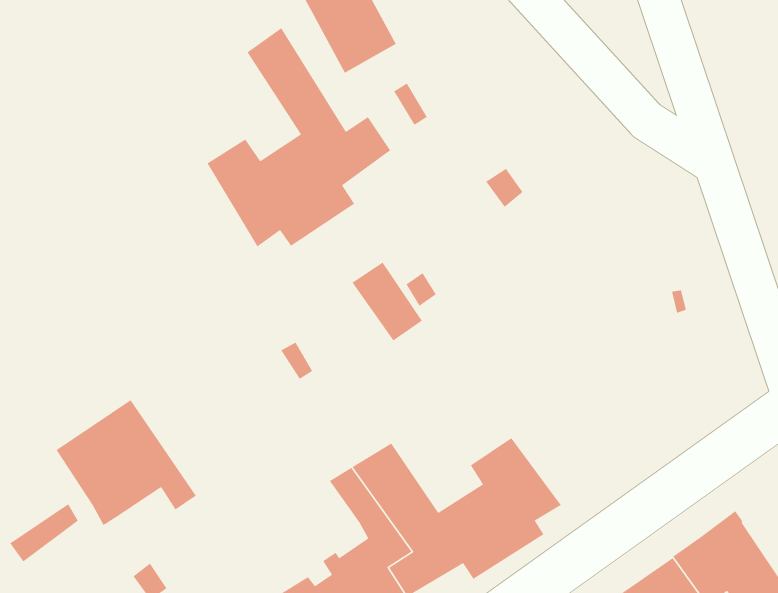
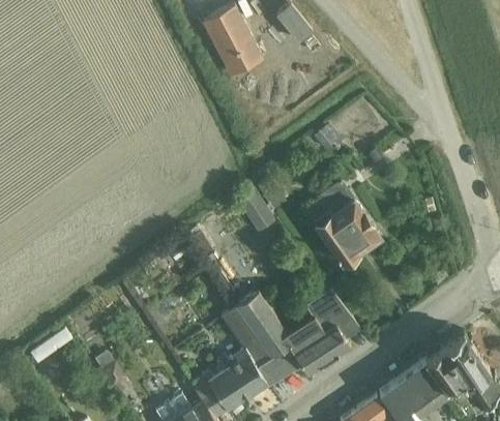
building: [206,27,391,247] -> none
building: none -> [313,183,380,265]
building: [56,399,197,526] -> none

